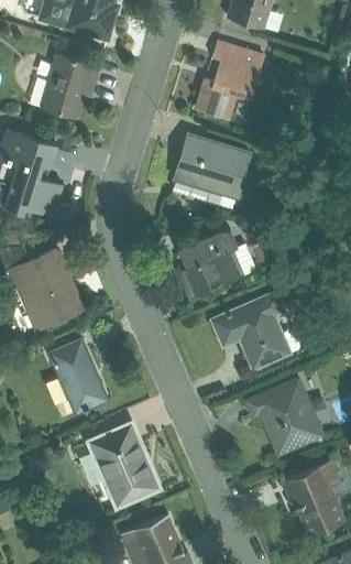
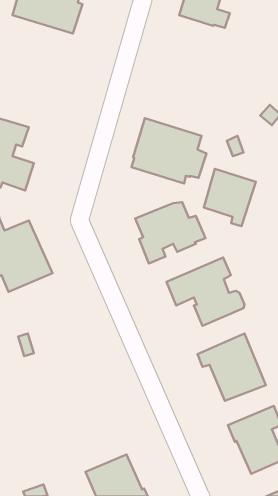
building: [196,43,264,123] -> none
building: [40,52,99,118] -> none
building: none -> [204,169,256,226]
building: [48,339,108,414] -> none
building: [87,424,160,508] -> none

